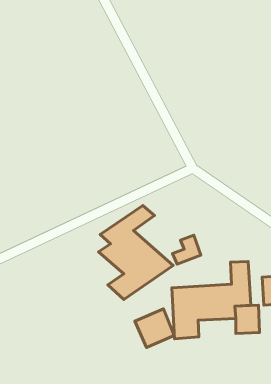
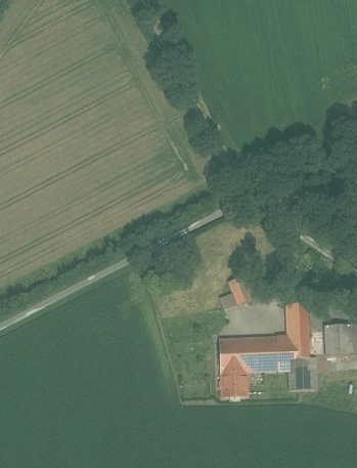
building: [98,205,173,300] -> none
building: [135,309,174,347] -> none

